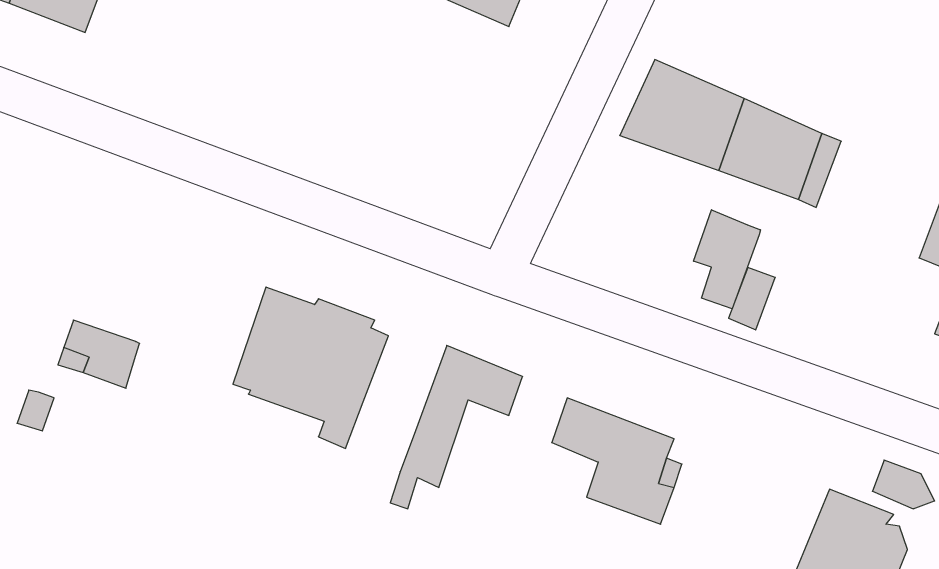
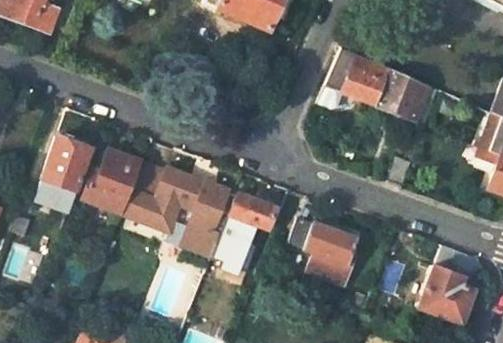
building: [694,210,760,309] -> none
building: none -> [42,139,88,191]
building: none -> [84,151,141,215]
building: none -> [182,176,234,258]

